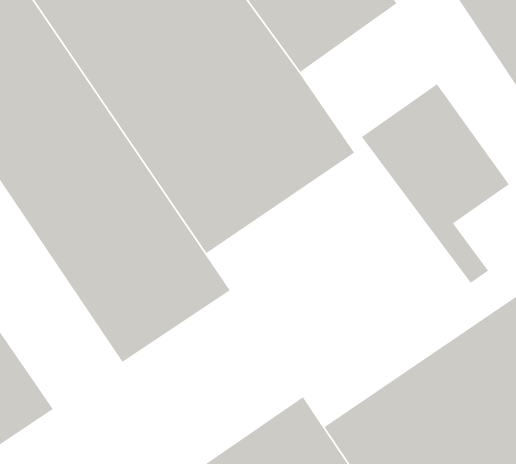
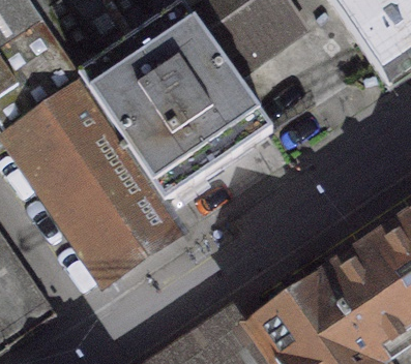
building: [361,83,510,284] -> none

